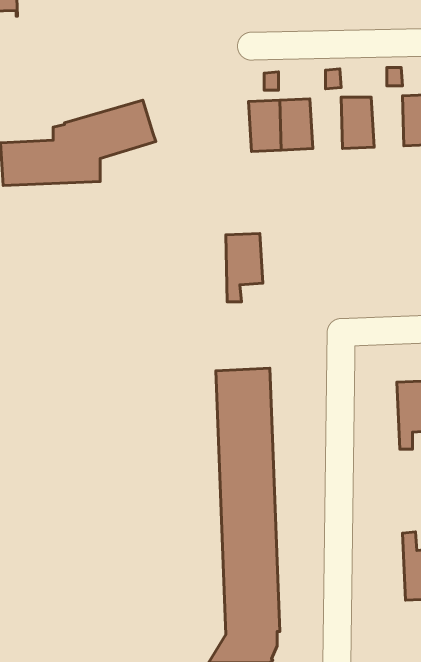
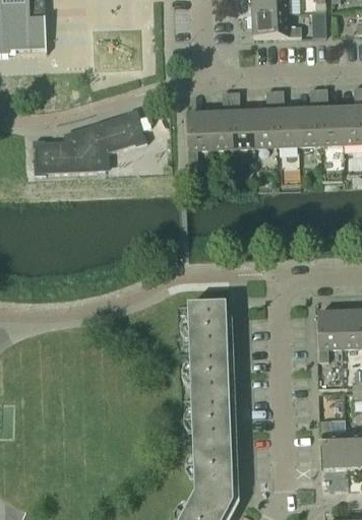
building: none -> [299,109,322,145]
building: none -> [255,110,279,146]
building: [226,233,263,302] -> [187,113,214,161]

